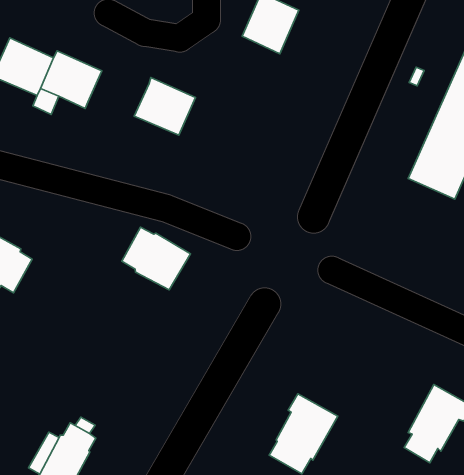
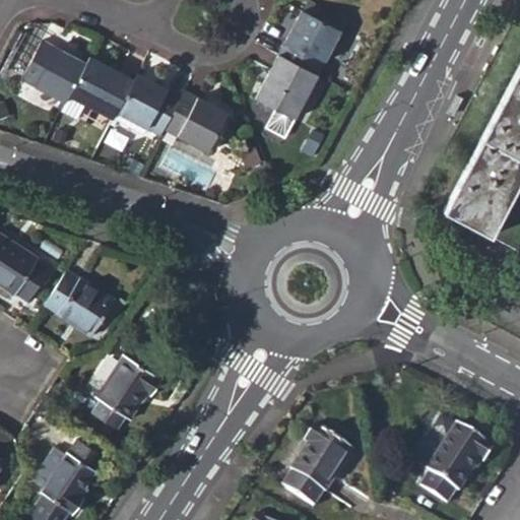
building: none -> [255,54,317,137]
building: none -> [117,73,181,135]
building: [122,227,191,290] -> [44,270,115,336]
building: none -> [92,354,161,430]

